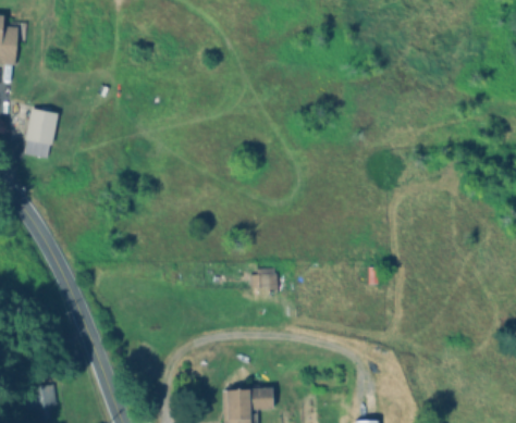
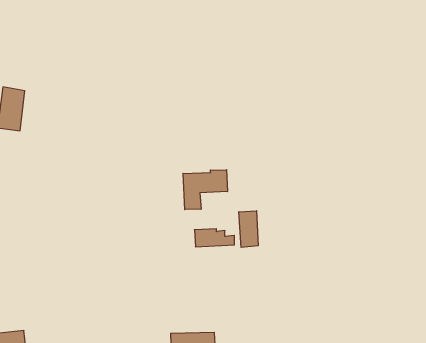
building: none -> [183,170,227,210]
building: none -> [239,211,258,247]

